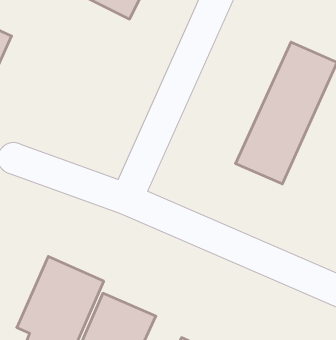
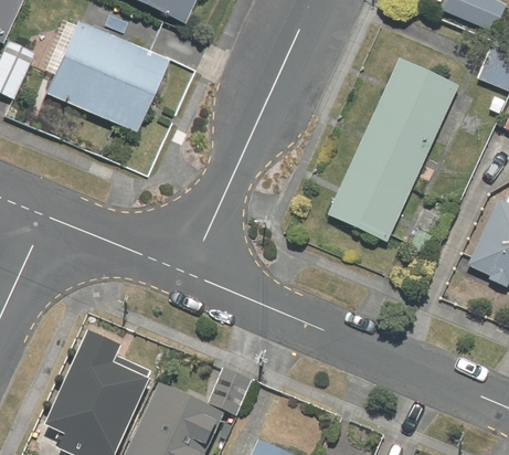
building: none -> [44,22,170,137]

